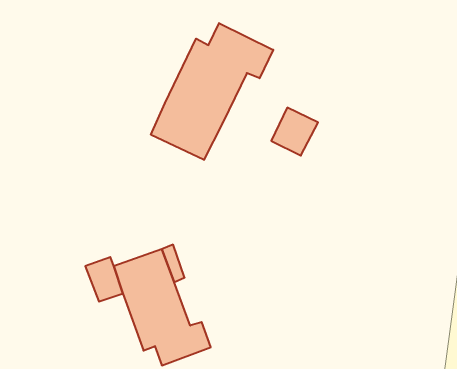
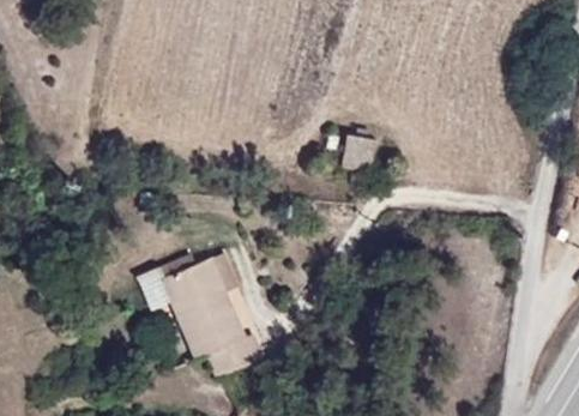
building: [151,23,273,160] -> none

